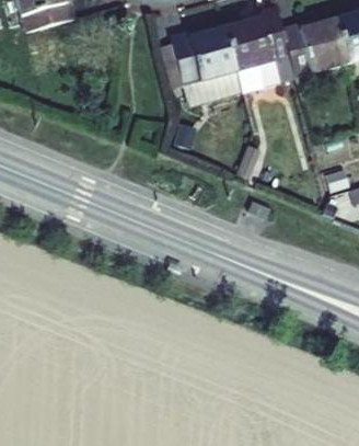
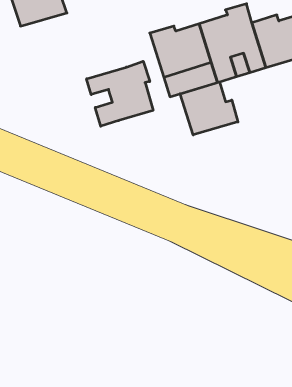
building: none -> [87,61,153,126]
building: none -> [180,82,238,135]

